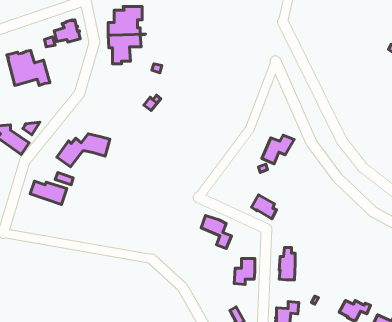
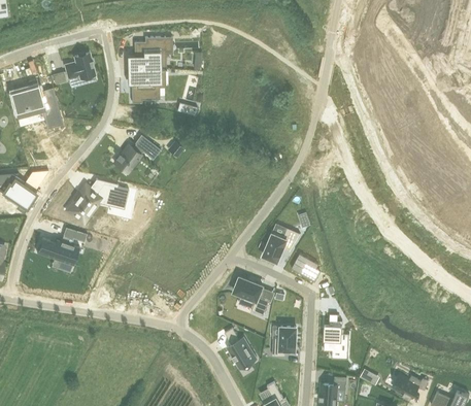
building: none -> [113,134,160,173]
building: [262,135,294,164] -> [262,229,299,262]
building: none -> [224,328,255,369]

